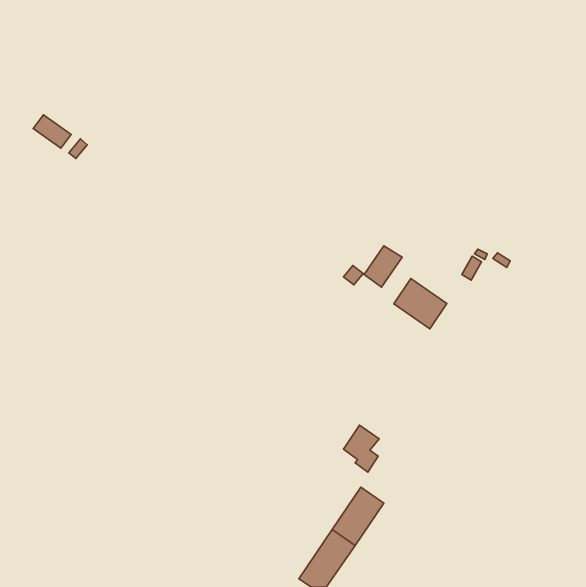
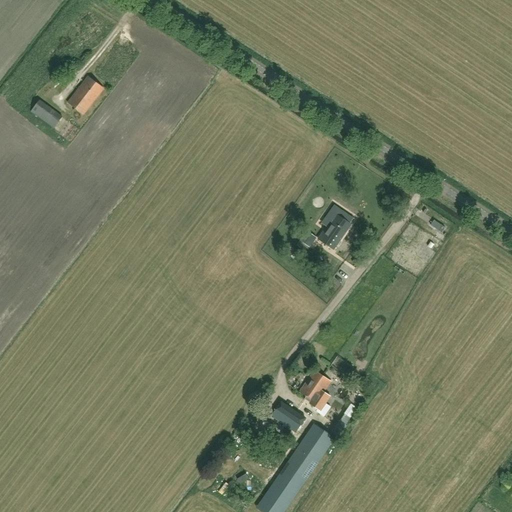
building: none -> [67,76,103,114]
building: [394,279,447,329] -> none
building: none -> [271,402,307,434]

